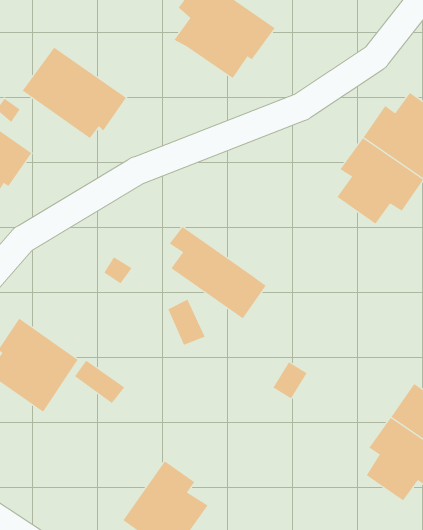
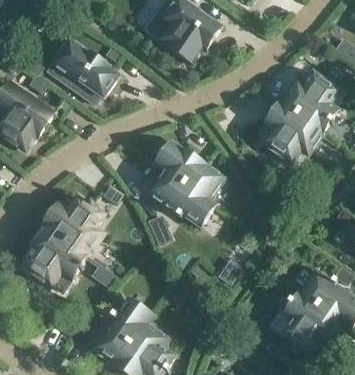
building: none -> [156,141,221,197]
building: none -> [44,195,103,254]
building: none -> [93,298,150,364]

